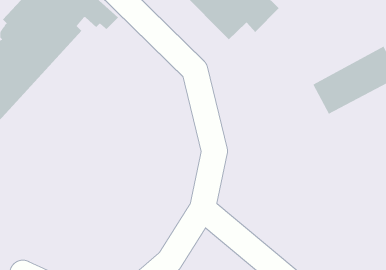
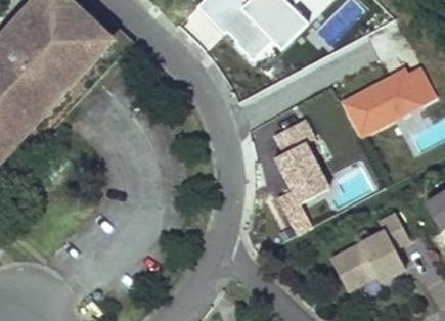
building: none -> [271,122,328,236]
building: none -> [330,213,408,285]

